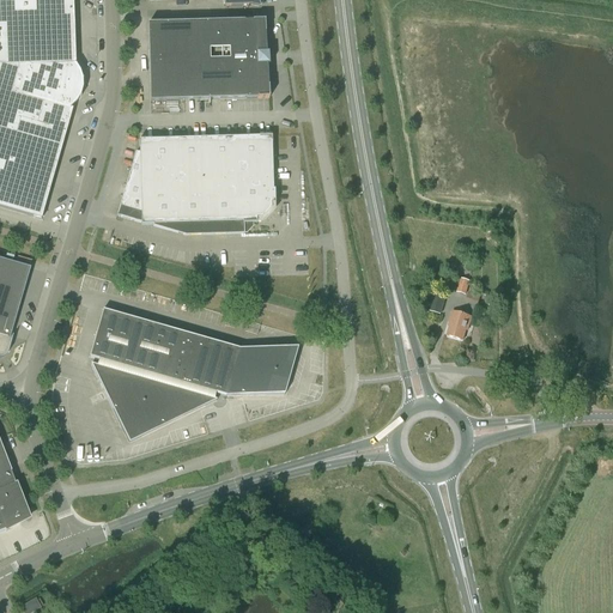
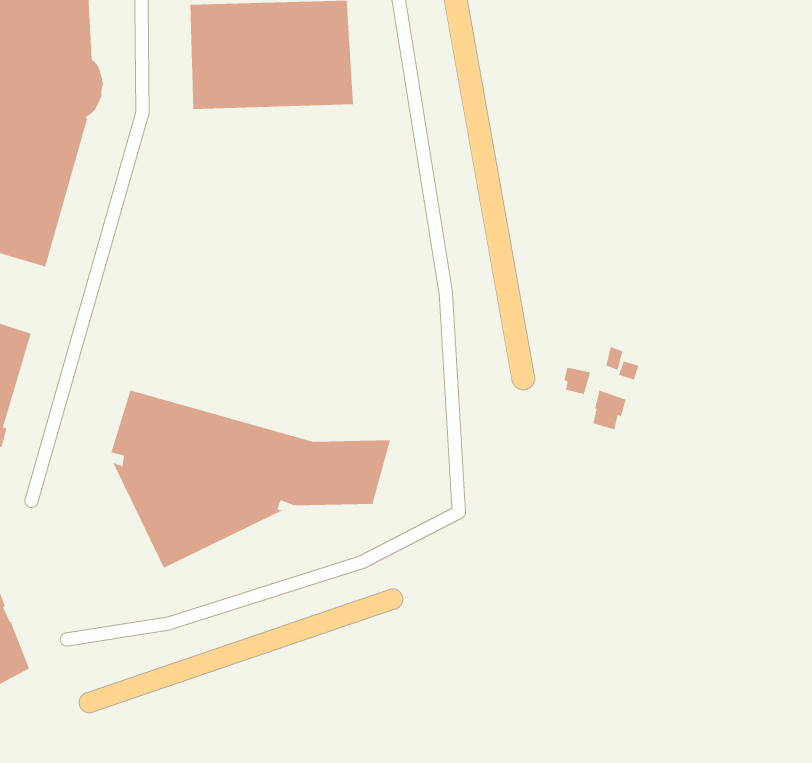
building: [116,132,274,230] -> none

